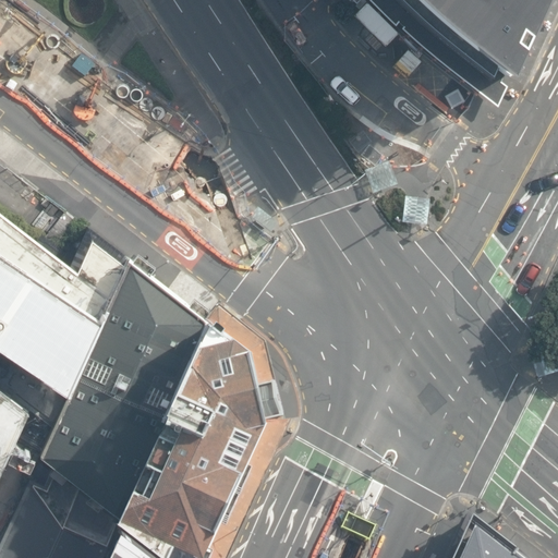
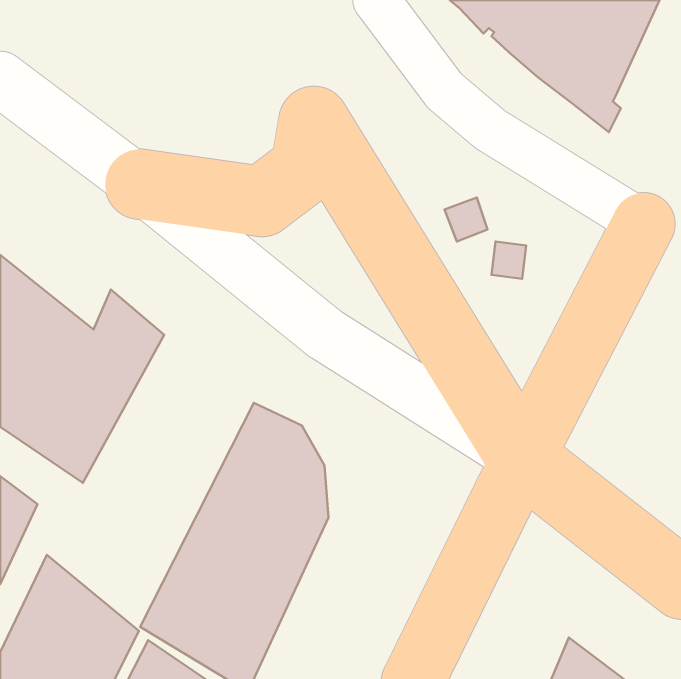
building: [39,276,208,514] -> none

